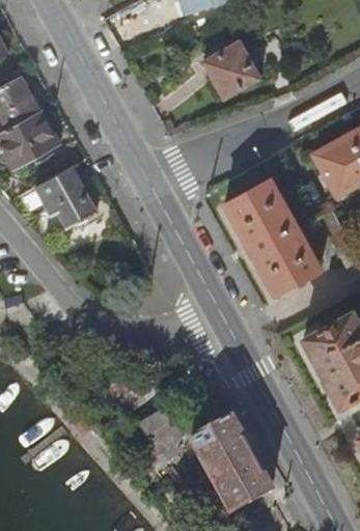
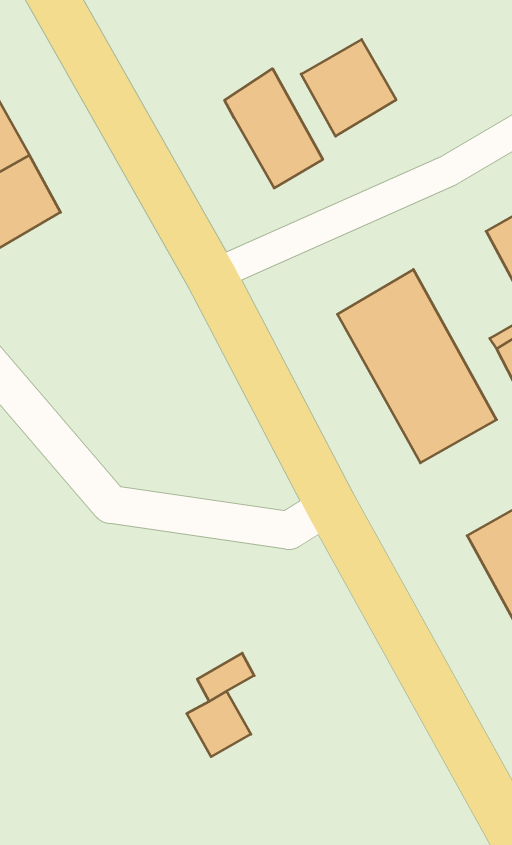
building: none -> [225,69,323,188]
building: [34,166,95,228] -> none
building: [183,416,270,515] -> none

